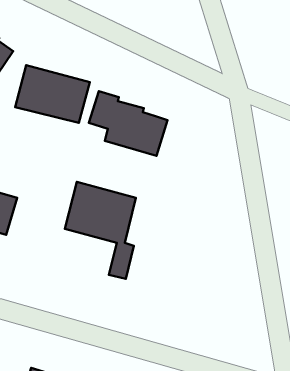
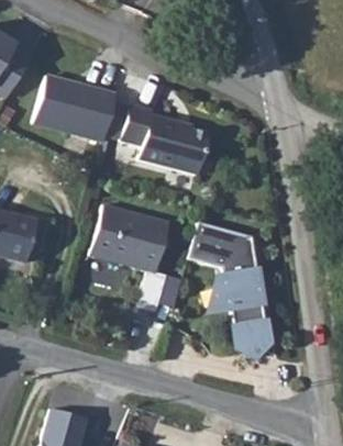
building: none -> [190,222,272,359]

